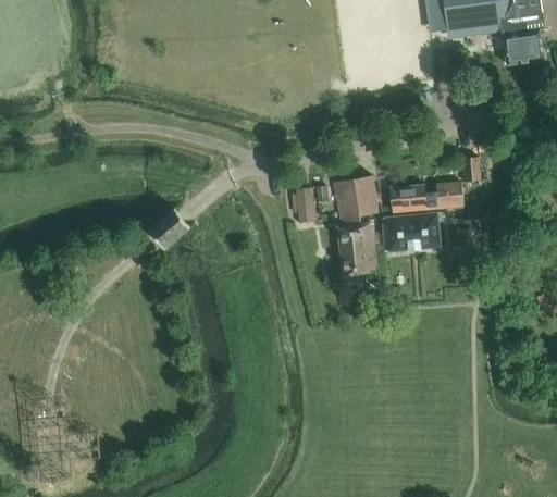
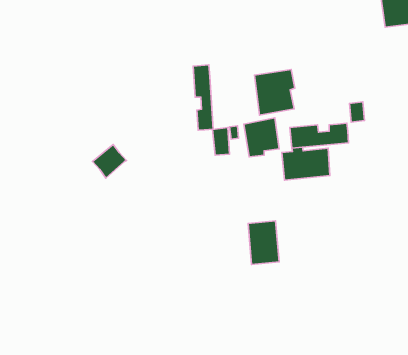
building: none -> [193,65,213,130]
building: none -> [254,69,295,115]
building: [338,224,376,277] -> [248,221,279,264]

